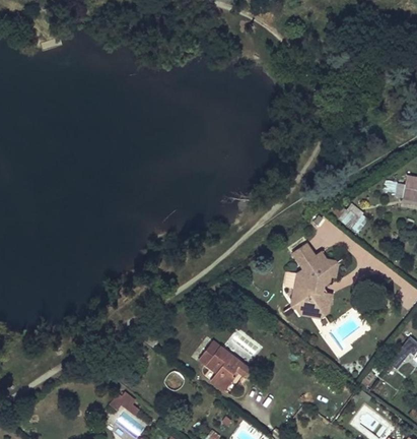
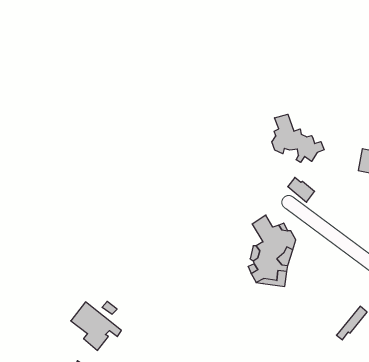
building: none -> [272,114,324,162]
building: [199,340,251,390] -> [71,302,121,350]

